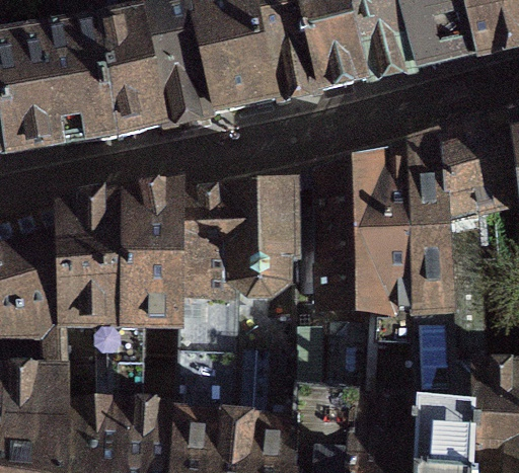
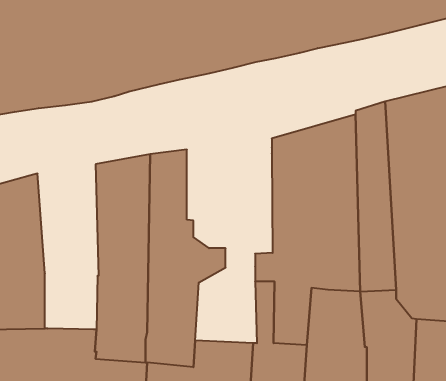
building: [216,185,291,302] -> none
building: [52,210,119,391] -> none

